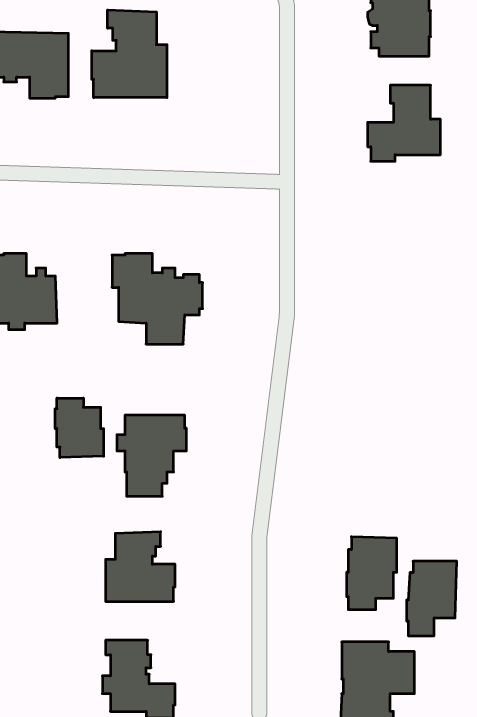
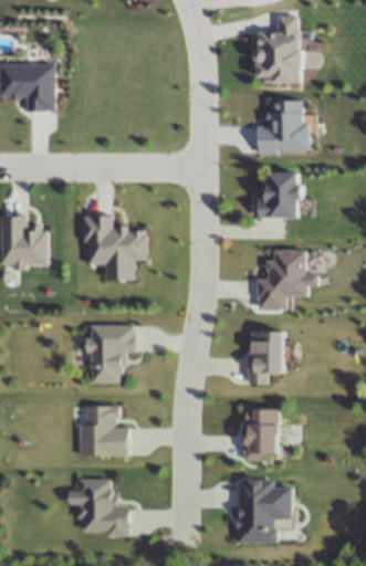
building: [92,10,167,98] -> none
building: none -> [260,174,303,216]
building: none -> [257,248,317,306]
building: [55,398,104,458] -> none
building: [407,561,457,636] -> [250,332,284,382]

